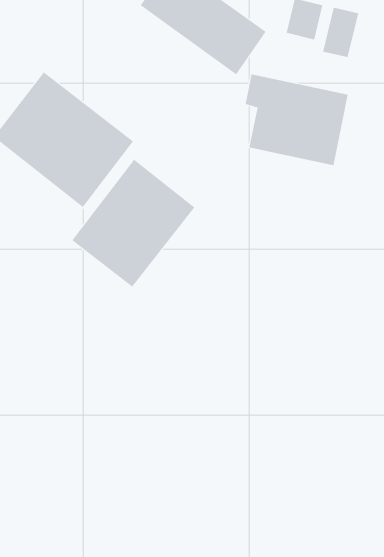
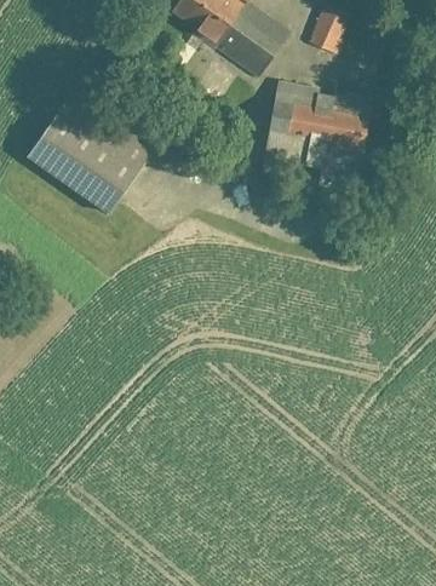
building: [323,7,359,58] -> none
building: [72,159,195,288] -> none

